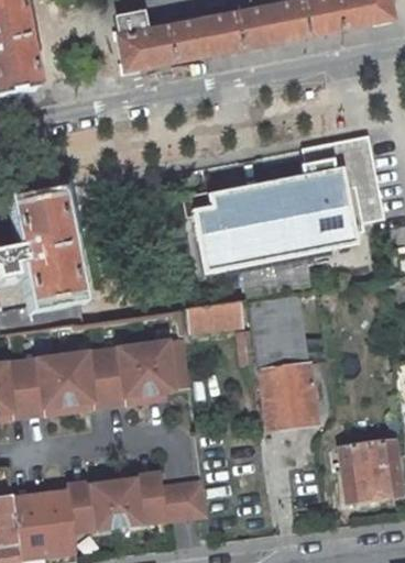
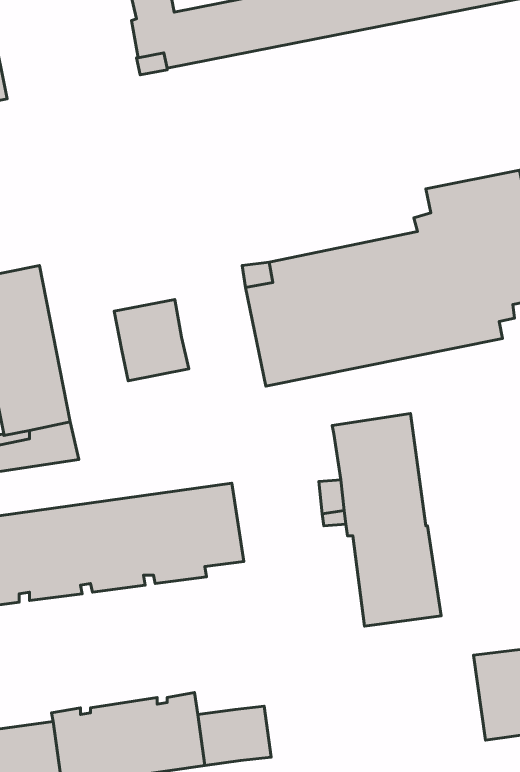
building: none -> [114,299,189,381]
building: [188,299,244,330] -> none

